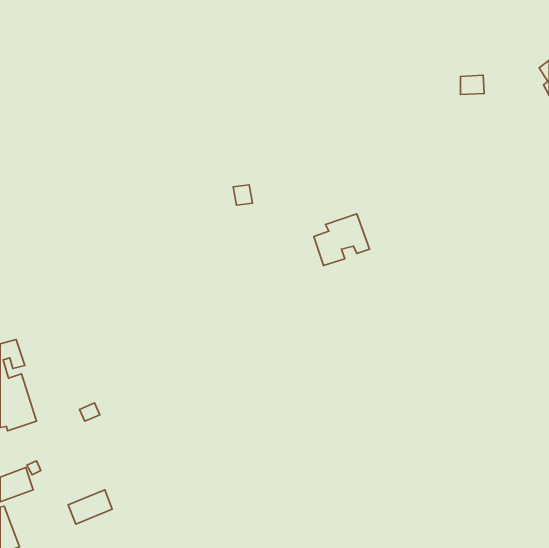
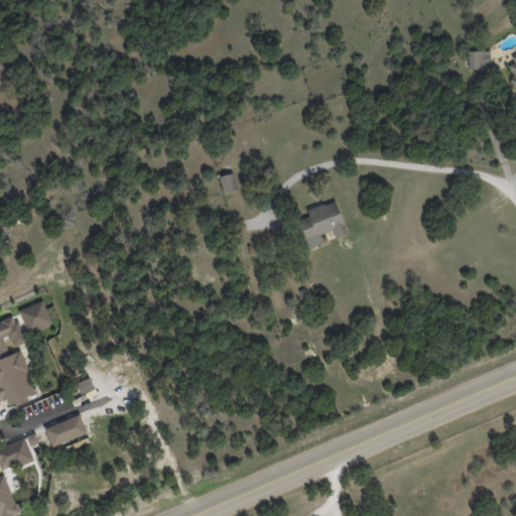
building: [461,75,484,95] -> [468,51,490,70]
building: none -> [18,301,51,334]
building: [68,490,112,524] -> [44,415,86,447]

